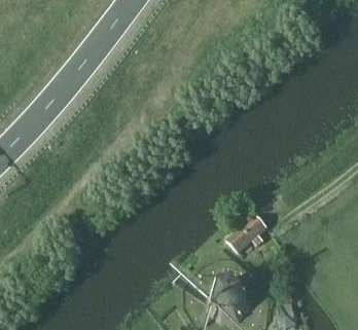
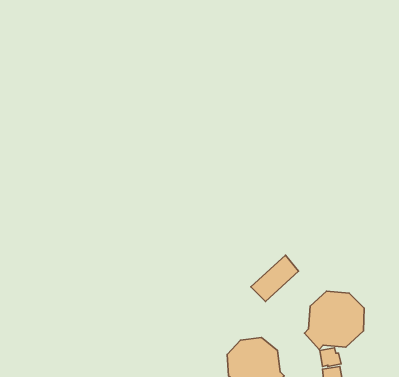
building: none -> [304,291,364,350]

